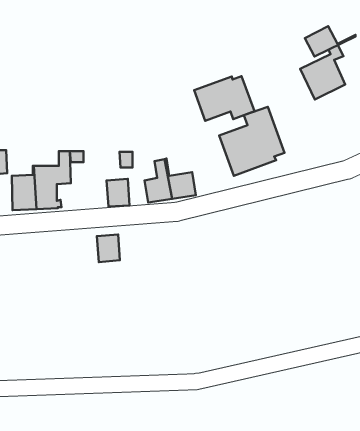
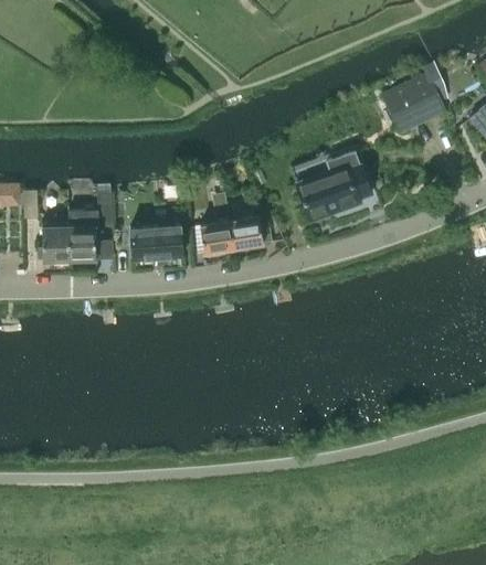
building: [305,26,355,56] -> none
building: [194,76,254,121] -> none
building: [97,234,120,262] -> [130,226,158,259]

